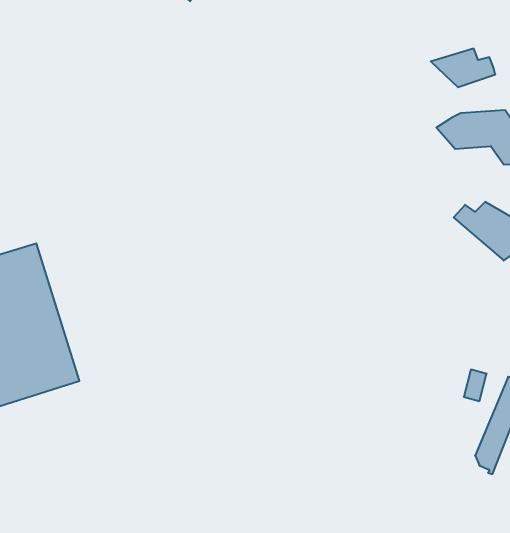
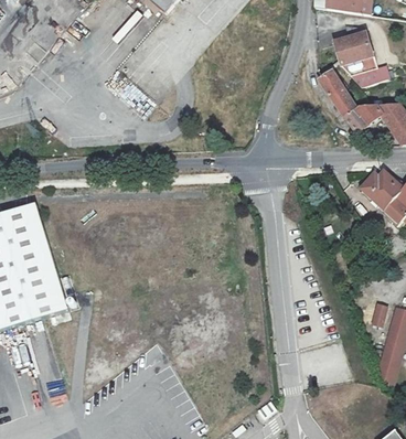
building: none -> [334,22,375,63]
building: none -> [317,69,359,114]

